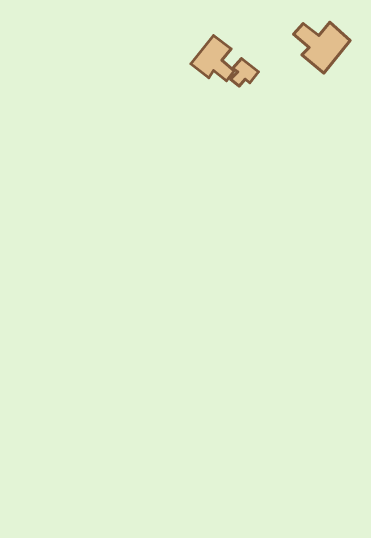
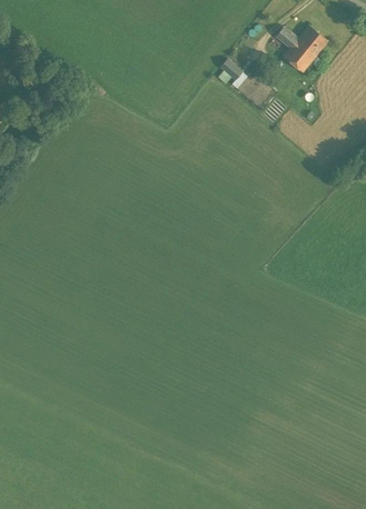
building: [191,36,234,81] -> none

